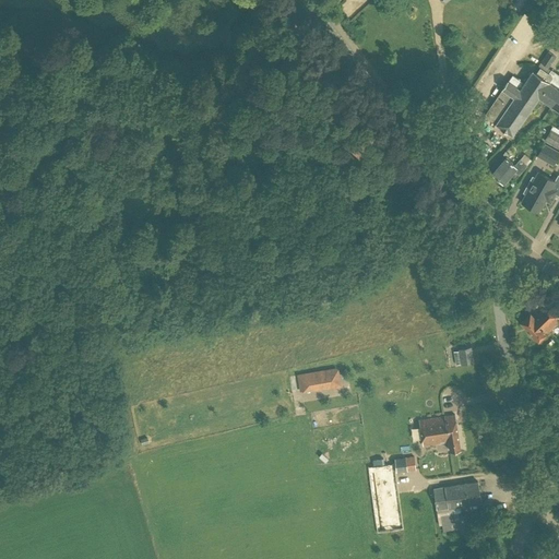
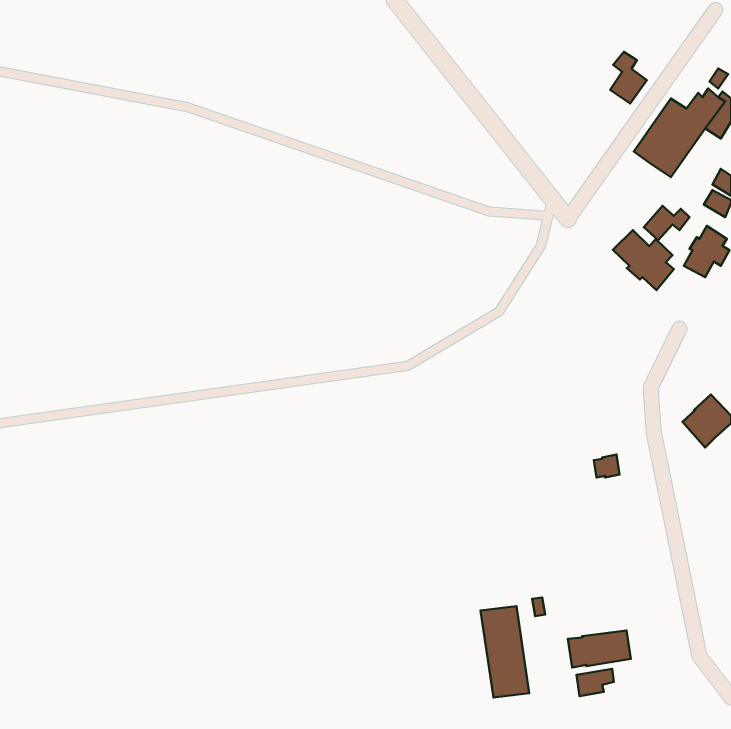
building: none -> [610,52,647,104]
building: none -> [613,230,674,290]
building: [299,370,337,393] -> none
building: [419,416,460,452] -> none

